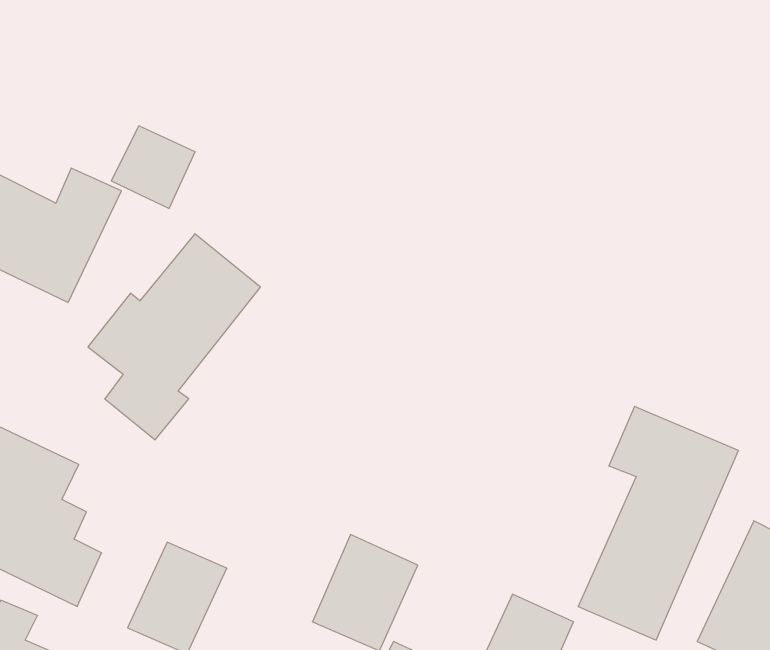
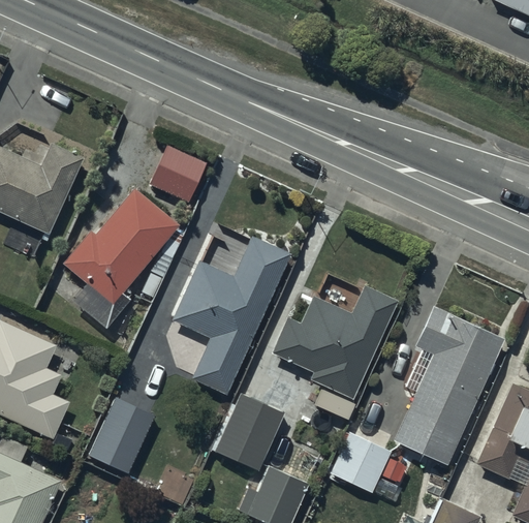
building: [111,126,195,208] -> [149,147,206,203]
building: none -> [173,238,289,394]
building: none -> [272,284,398,400]

